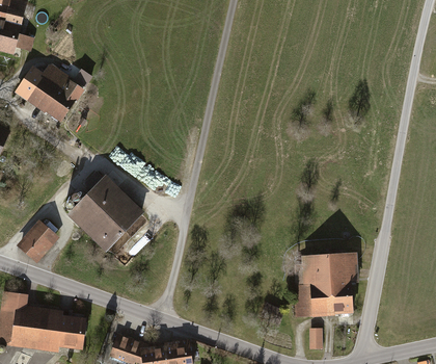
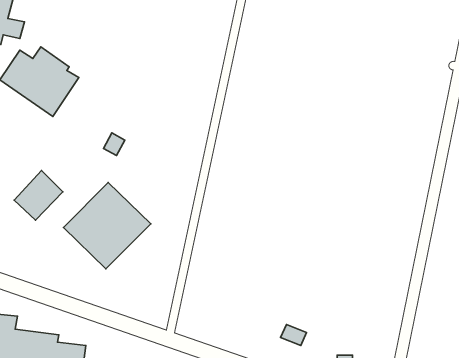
building: [18,219,60,263] -> [14,171,63,220]
building: [296,255,360,319] -> none

